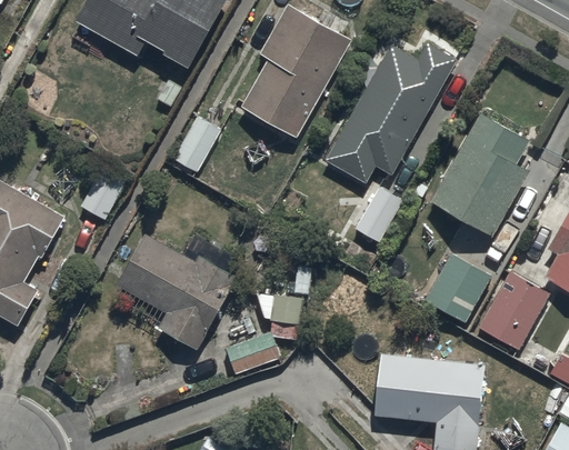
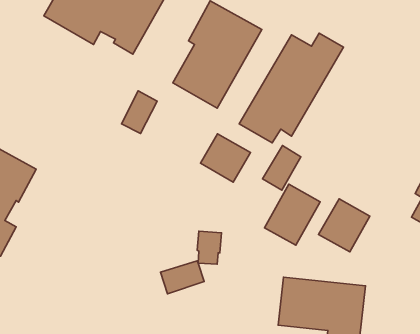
building: [429,111,530,236] -> none
building: none -> [201,134,251,182]
building: [114,233,237,350] -> none
building: [478,272,549,350] -> [265,184,320,245]

